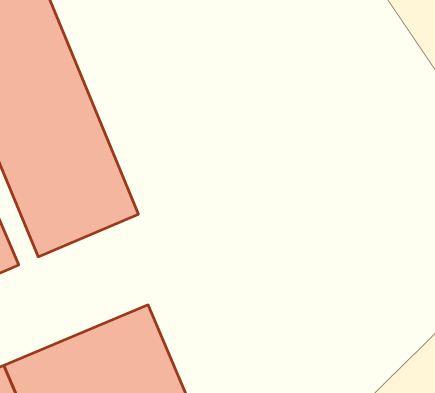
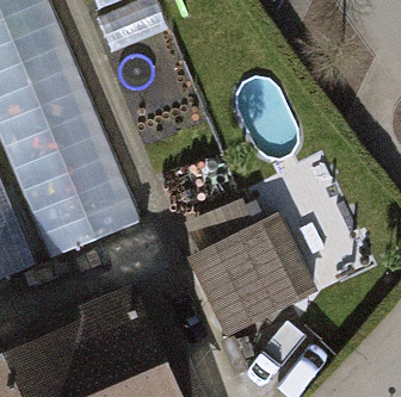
building: none -> [190,210,314,327]

